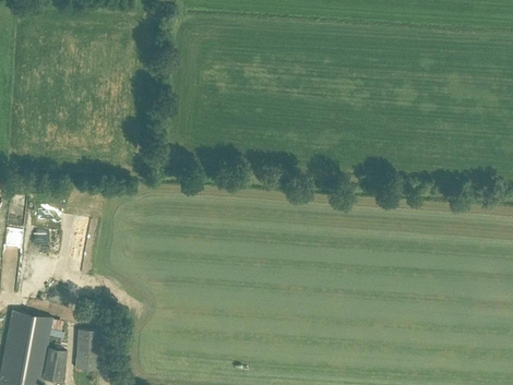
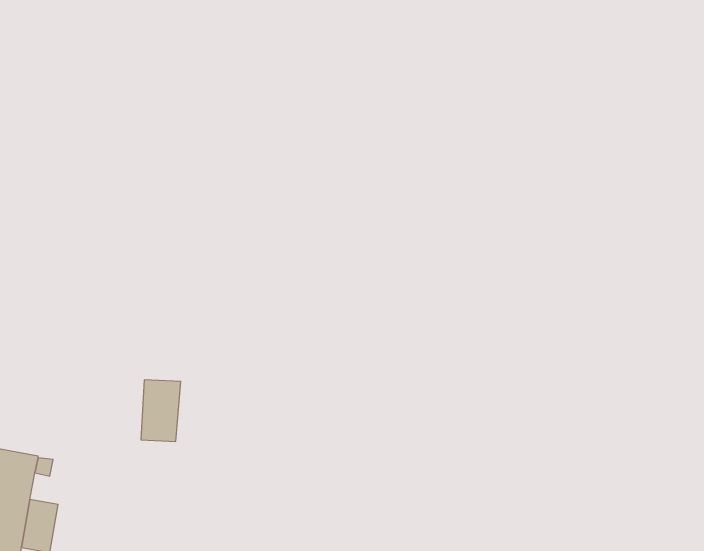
building: [75,329,102,370] -> [141,380,181,441]

